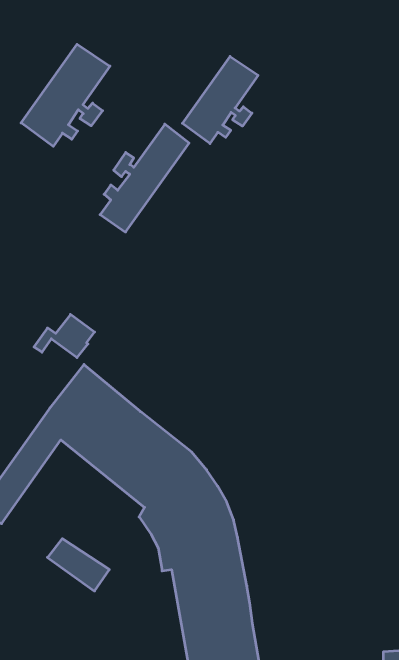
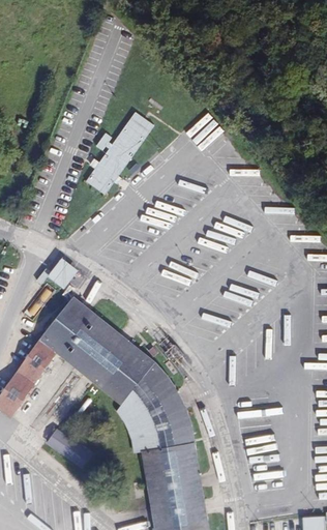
building: [21,44,110,146] -> none
building: [182,56,258,144] -> none

